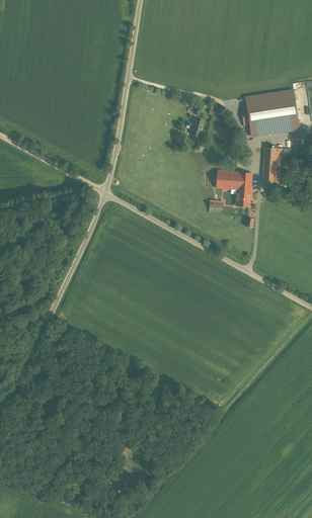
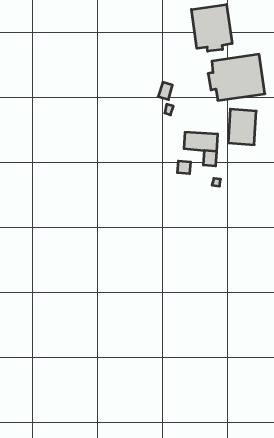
building: none -> [191,4,232,51]

